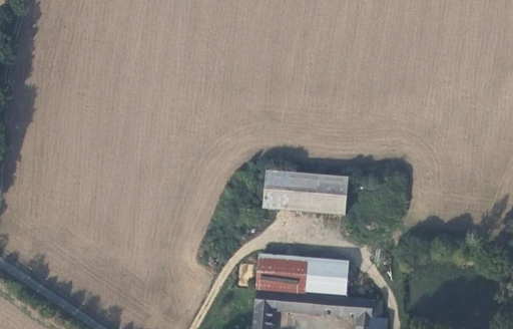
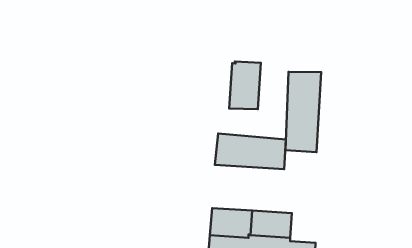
building: none -> [229,62,261,109]
building: none -> [286,72,321,152]

